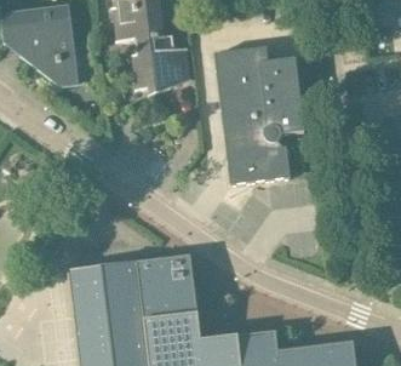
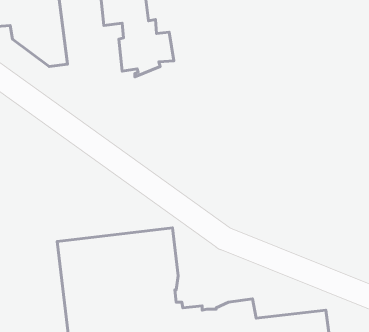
building: [214,45,305,183] -> none

